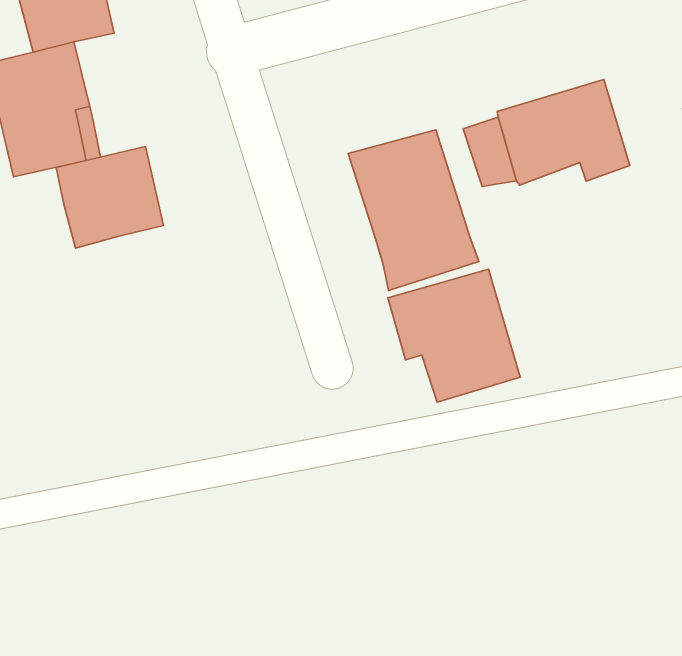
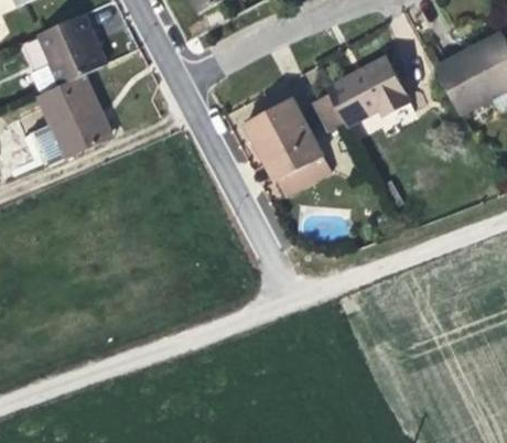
building: [56,146,164,248] -> none
building: [388,269,520,402] -> none

